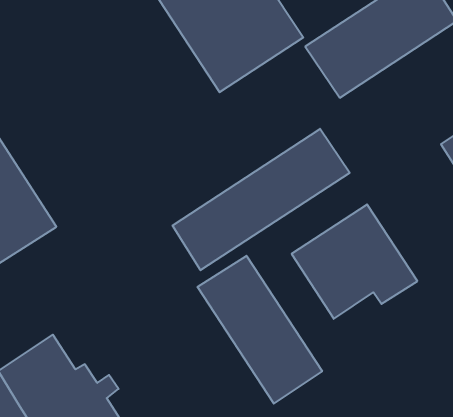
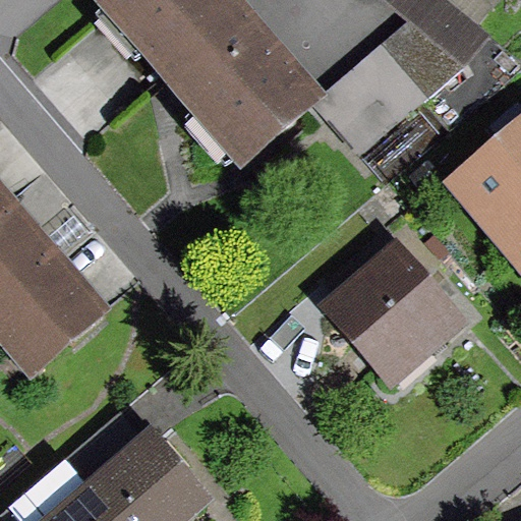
building: [173,129,350,270] -> none
building: [198,256,322,404] -> none

